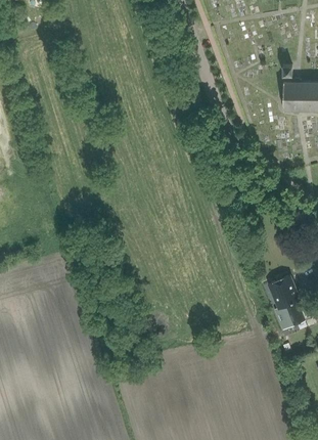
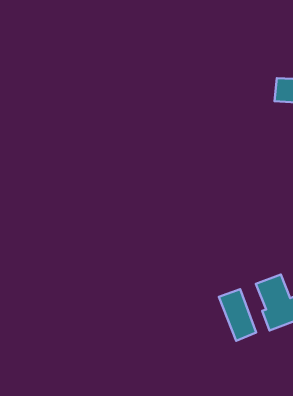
building: none -> [219,289,256,341]

